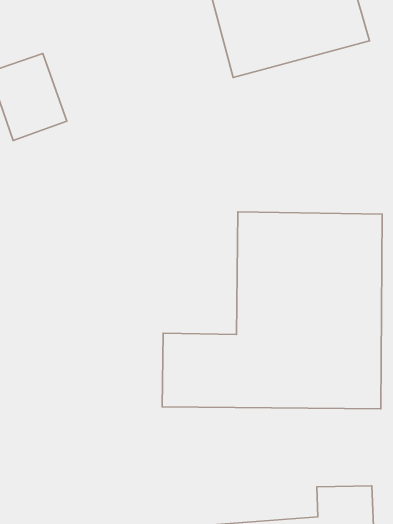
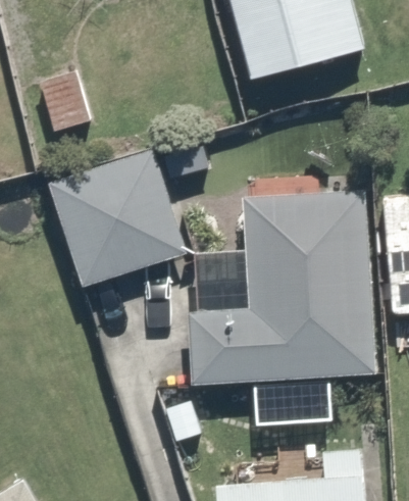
building: none -> [43,142,186,290]

